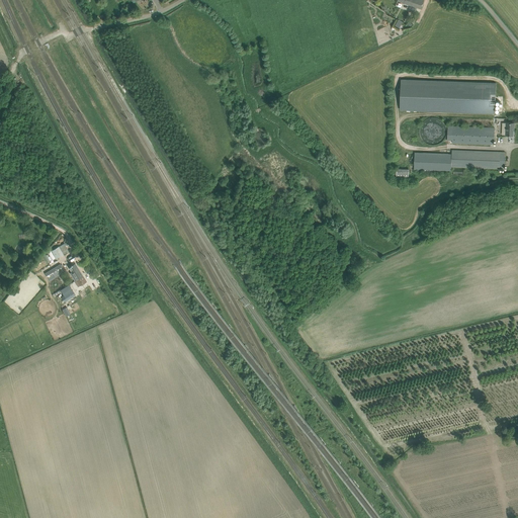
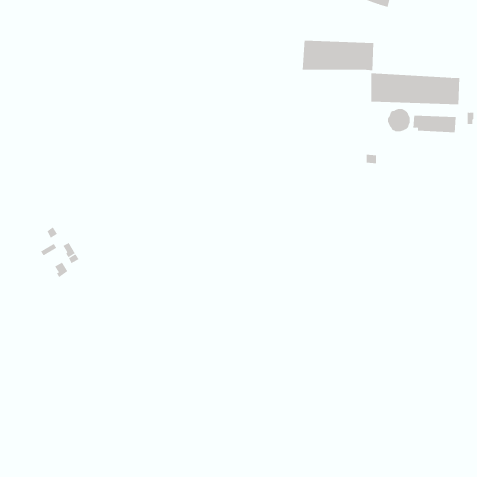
building: none -> [302,40,374,71]
building: [414,149,504,170] -> none

